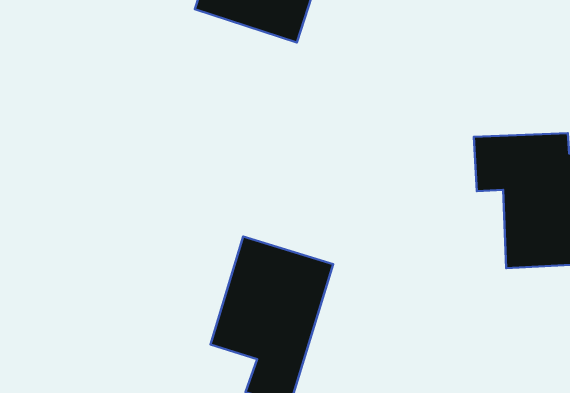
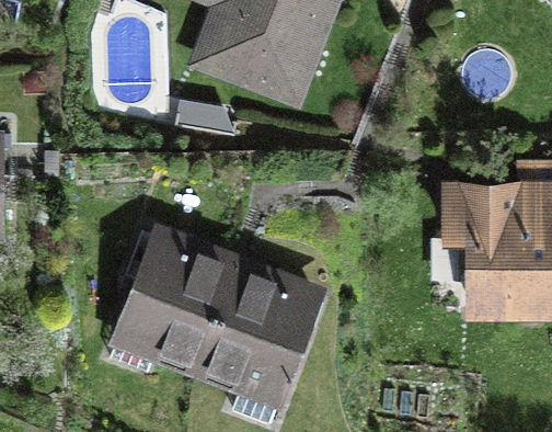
building: none -> [108,234,231,365]

